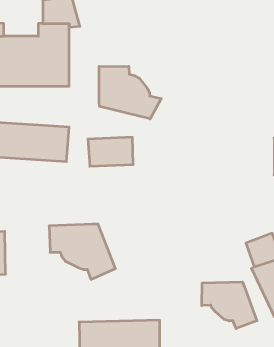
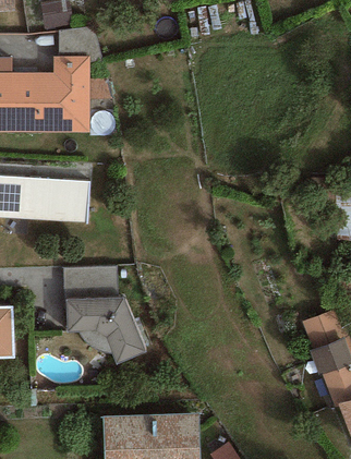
building: [99,66,161,119] -> none
building: [88,137,133,166] -> [63,265,118,300]
building: [202,282,257,329] -> none

